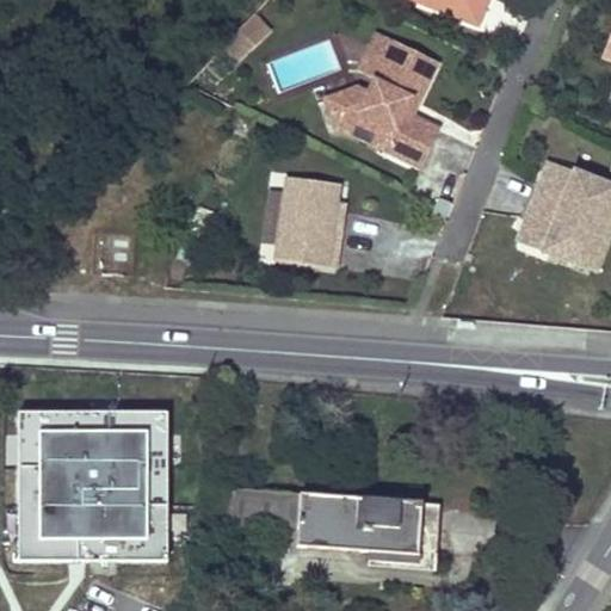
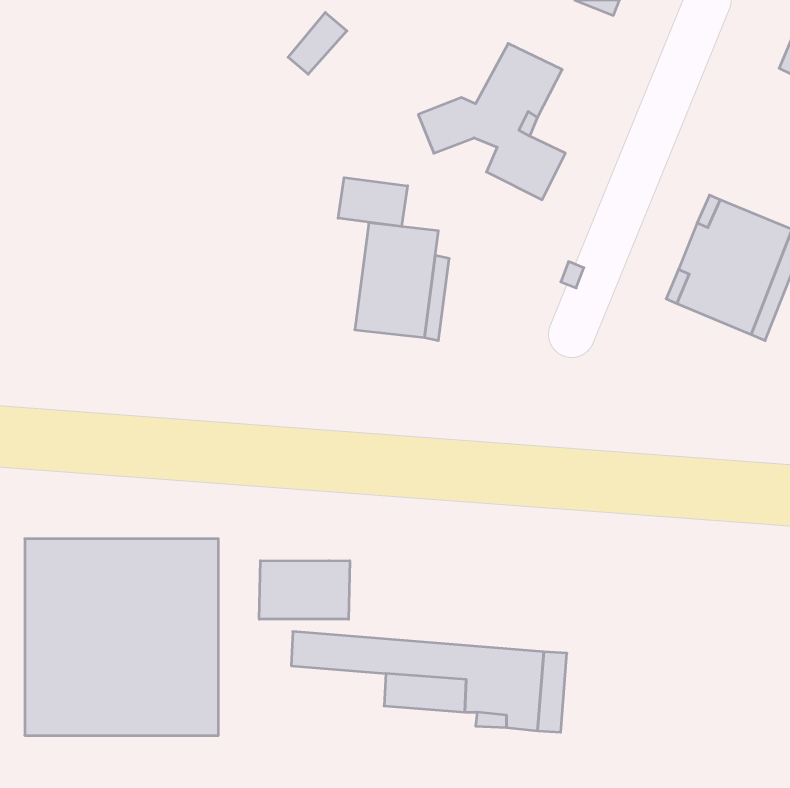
building: none -> [338,178,408,227]
building: none -> [259,561,350,619]

